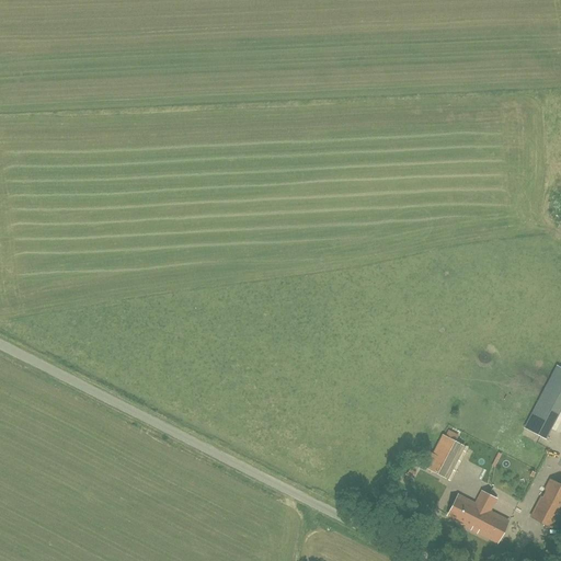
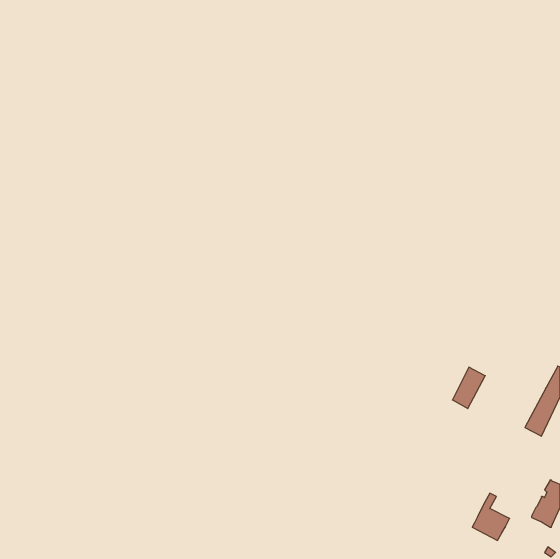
building: [426,434,459,476] -> [452,367,485,409]
building: [449,489,490,527] -> none

